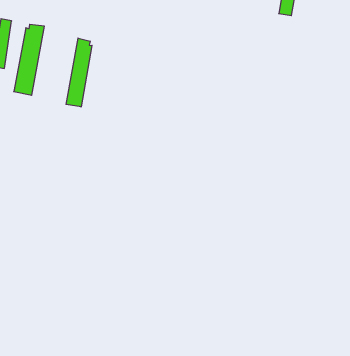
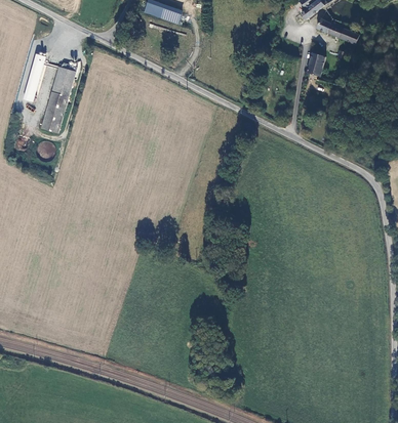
building: [66,38,92,107] -> none

